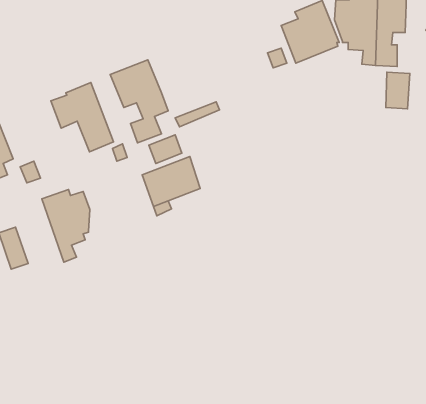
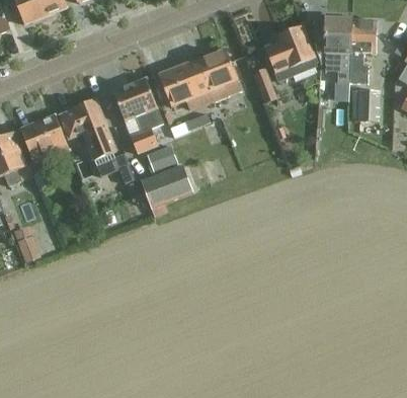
building: none -> [158,48,242,111]
building: none -> [19,114,68,162]
building: [42,189,90,262] -> none

